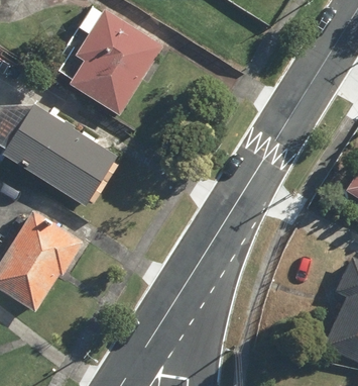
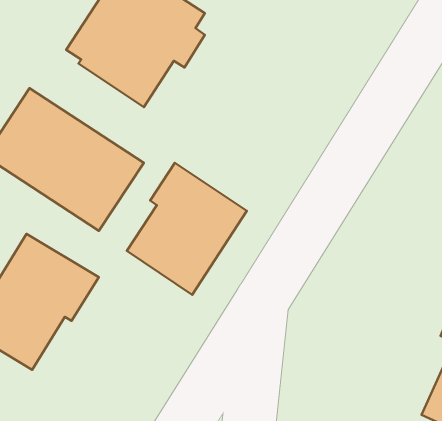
building: none -> [127,163,247,295]

